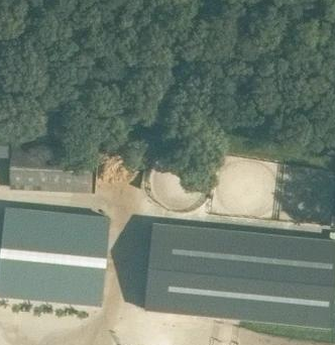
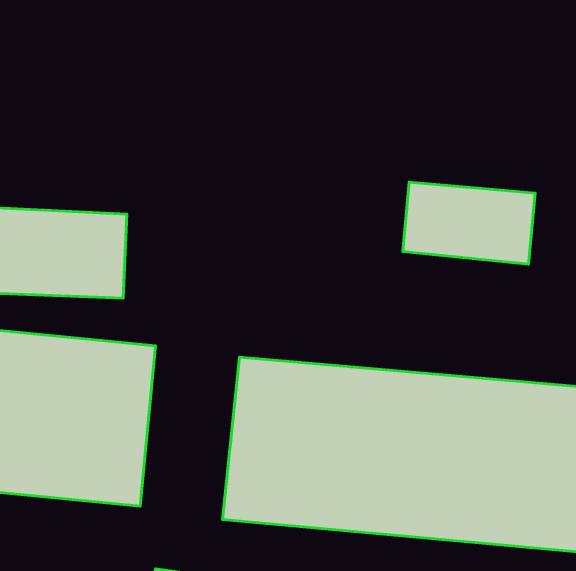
building: none -> [403,182,535,264]

